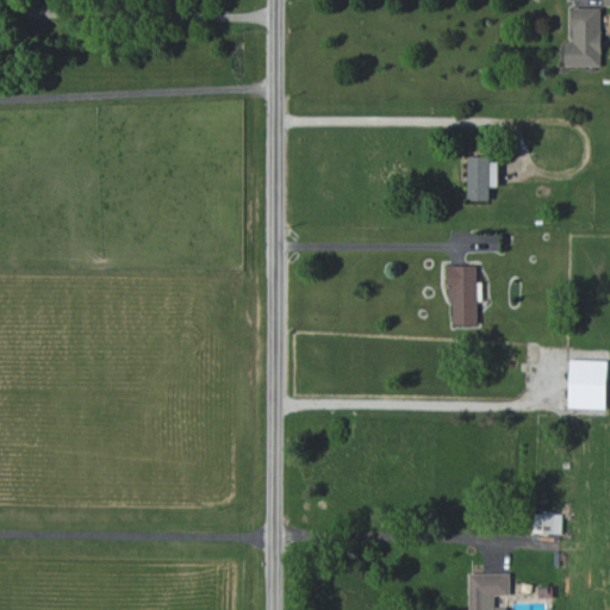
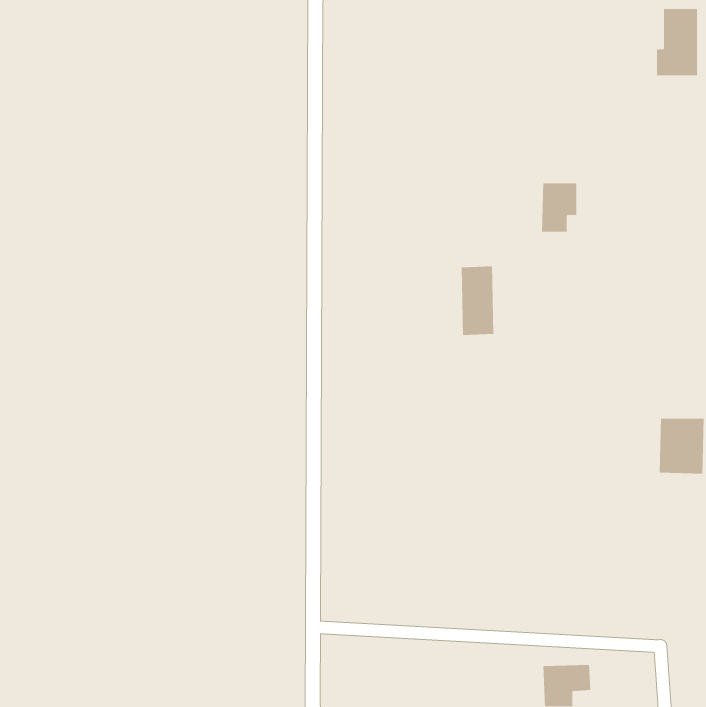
building: [448,264,477,325] -> [461,265,494,336]
building: [533,512,561,534] -> none

